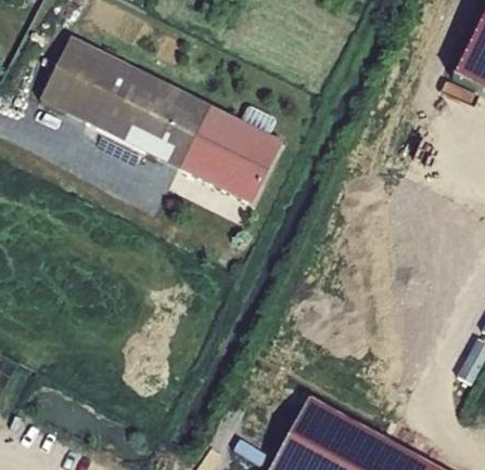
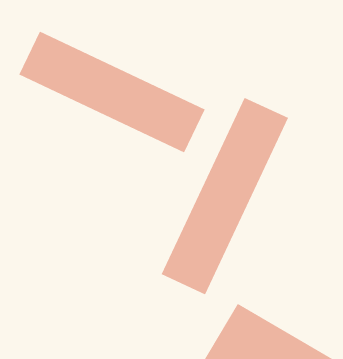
building: none -> [160,97,289,295]

